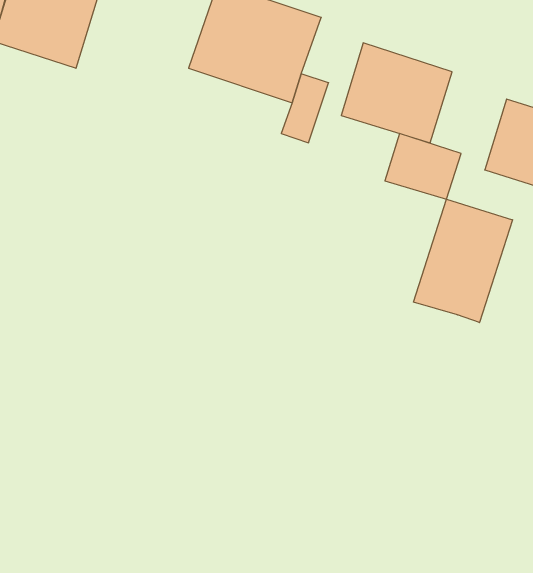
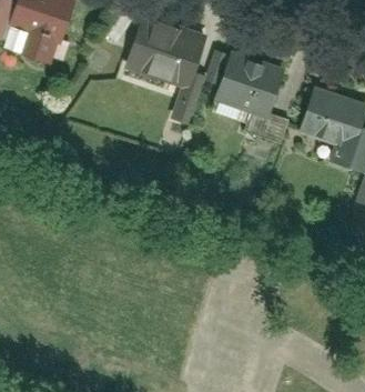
building: [414,199,513,323] -> none

